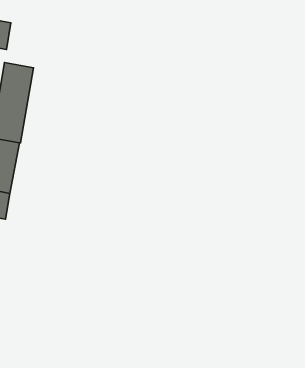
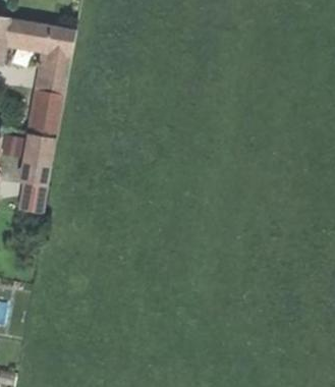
building: none -> [39,25,73,68]

